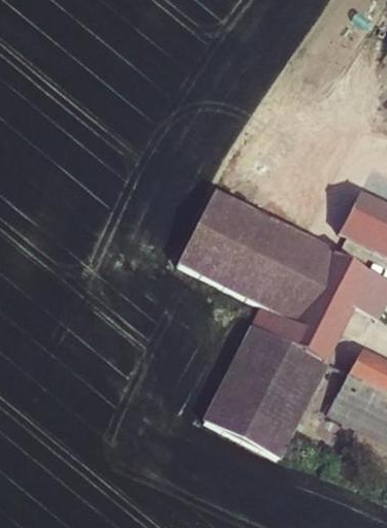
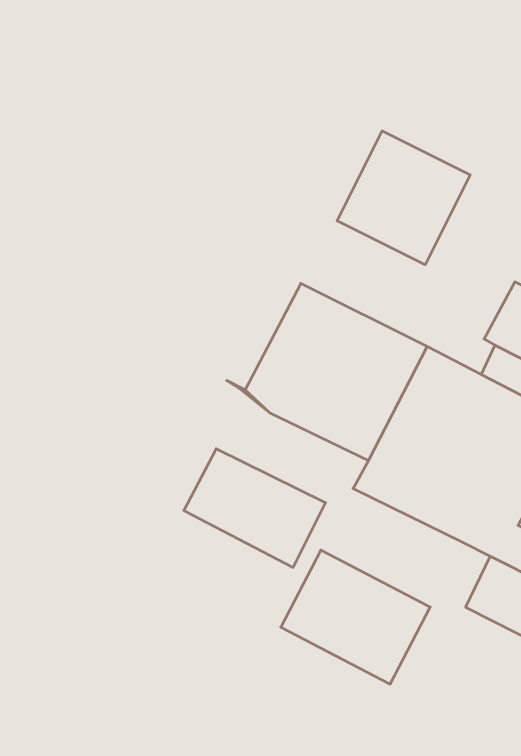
building: none -> [337,131,470,265]
building: [231,327,326,406] -> [184,449,326,567]

